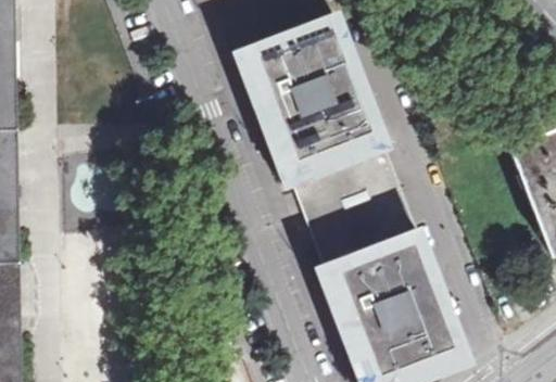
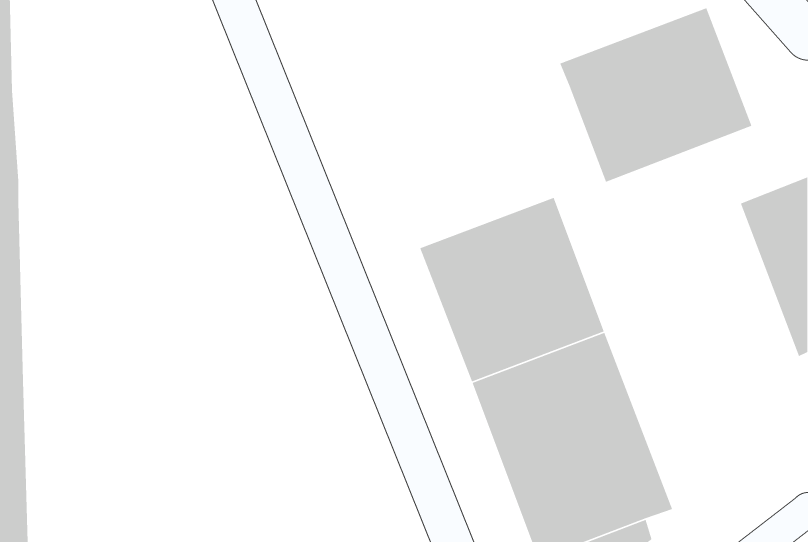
building: none -> [559,7,752,183]
building: [240,15,379,174] -> none

